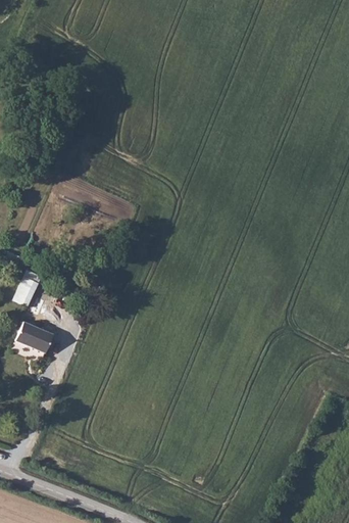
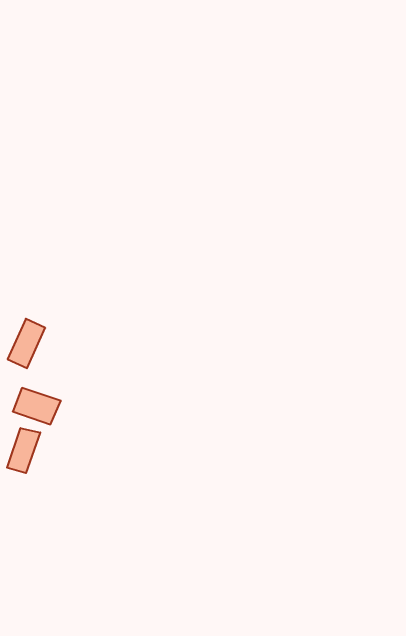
building: none -> [7,428,40,473]

